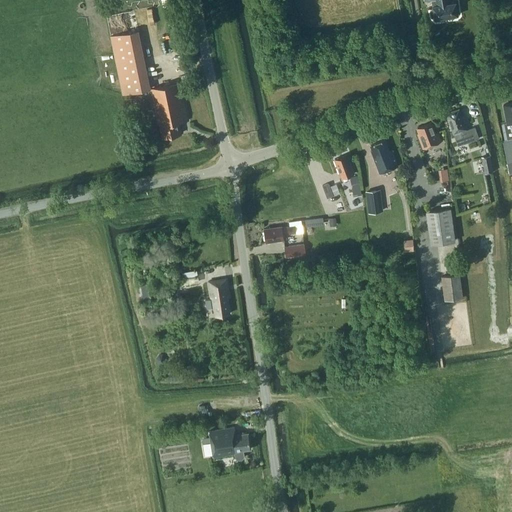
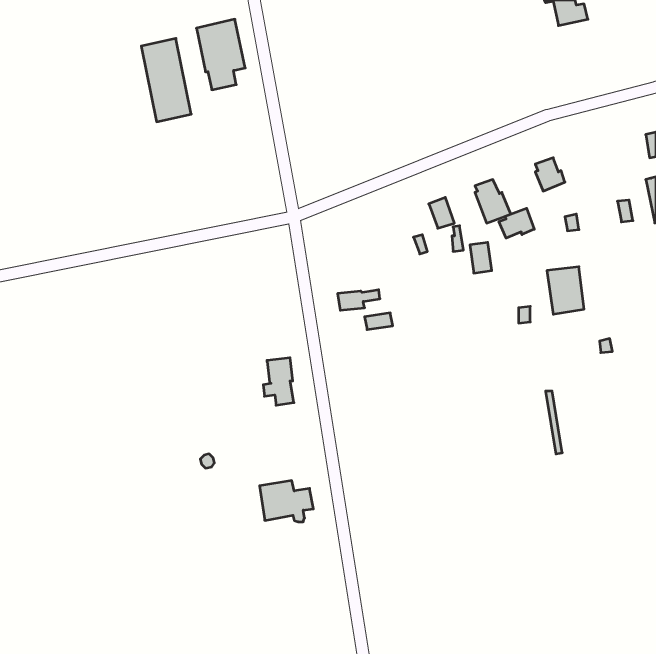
building: [150,84,188,139] -> [196,19,245,90]
building: [446,112,479,147] -> none
building: none -> [499,208,534,238]
building: [441,275,463,301] -> none
building: [209,428,251,460] -> [260,481,313,522]

